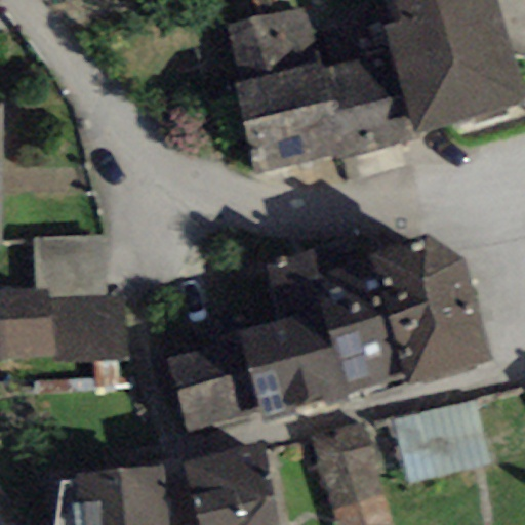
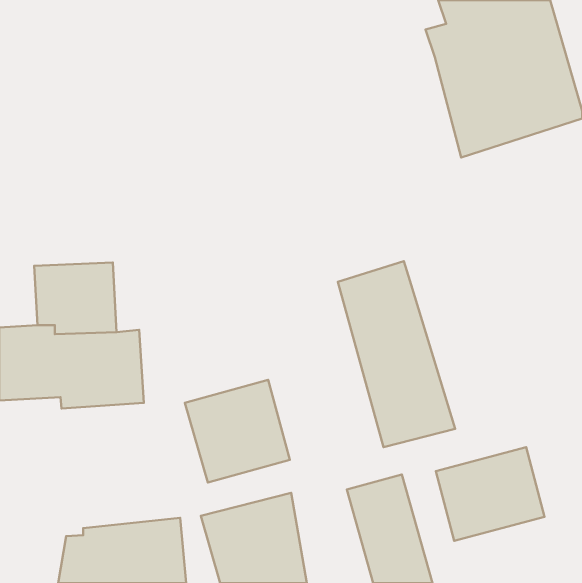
building: [229,7,414,176] -> none
building: [368,236,492,386] -> none
building: [238,253,345,422] -> none

